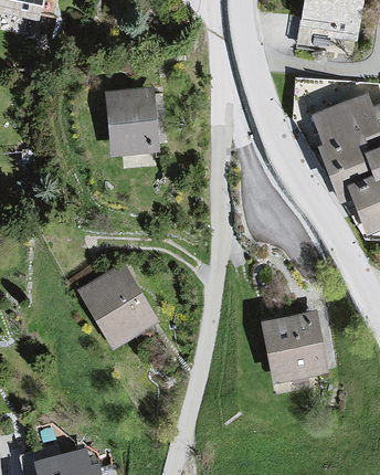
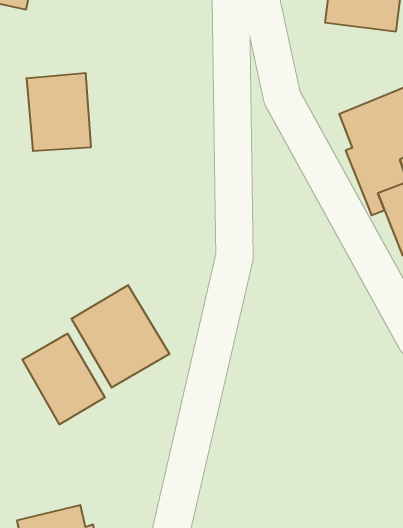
building: [103,87,158,154] -> [26,73,91,151]
building: none -> [22,334,105,424]
building: [263,314,329,384] -> none

